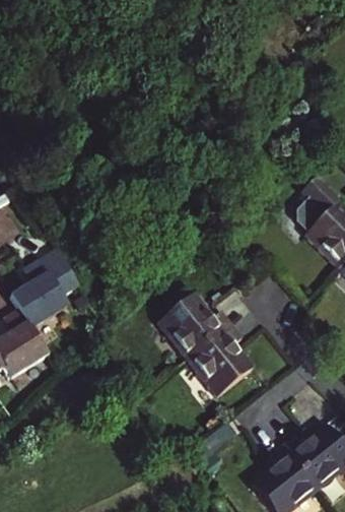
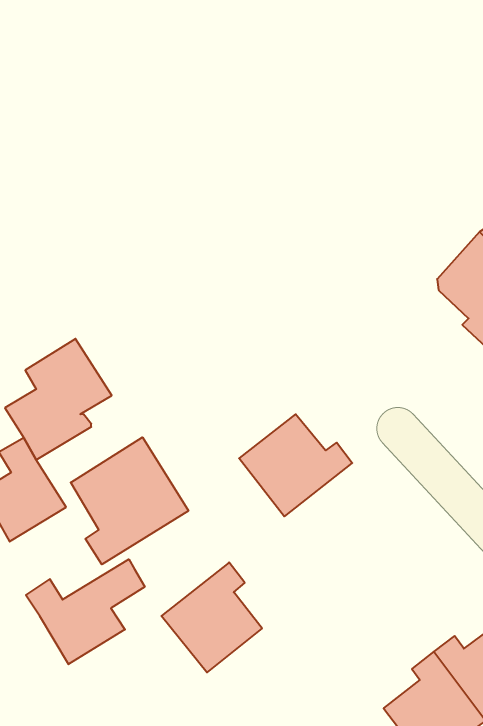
building: none -> [71,437,188,564]
building: [190,325,255,396] -> [161,562,262,672]
building: none -> [26,559,145,664]

